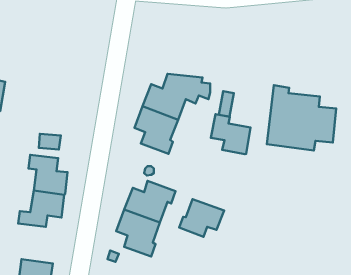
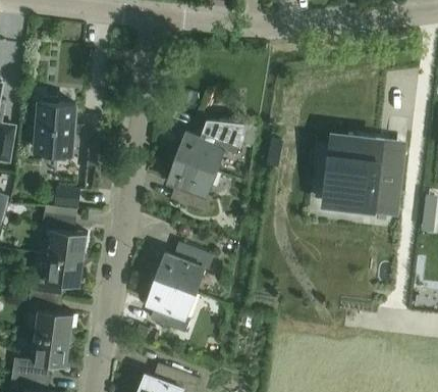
building: none -> [35,96,97,164]
building: [211,114,250,154] -> none
building: [179,199,224,237] -> none
building: none -> [28,294,73,341]

